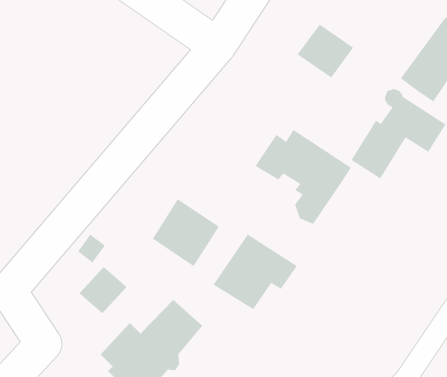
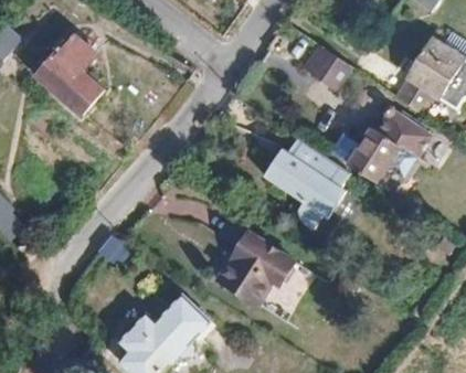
building: none -> [34,30,102,108]
building: [152,198,220,267] -> none
building: [79,266,127,314] -> none

